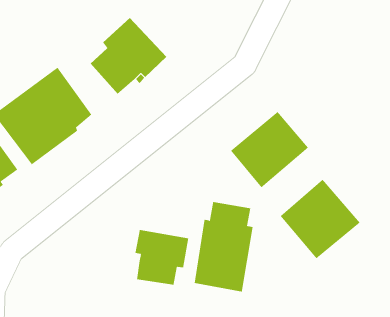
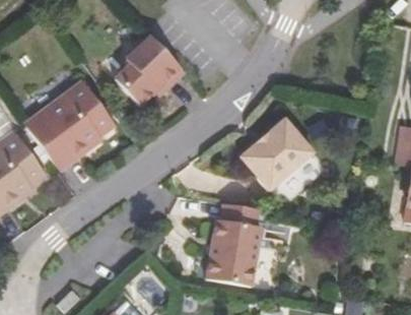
building: [280,179,361,259] -> none
building: [135,229,189,286] -> none

